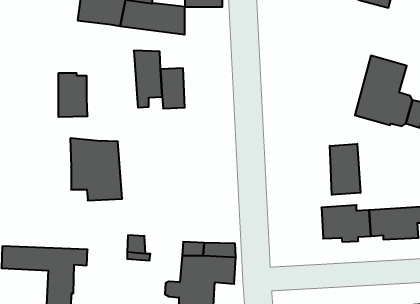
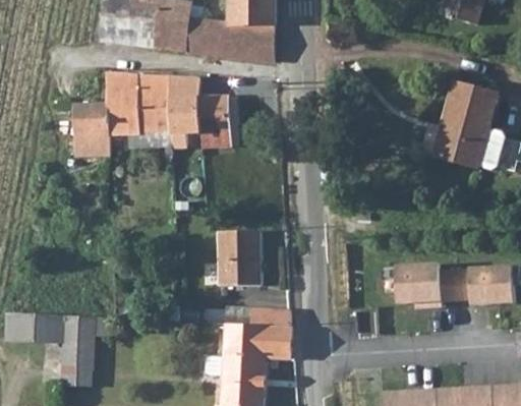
building: none -> [228,23,274,61]
building: [70,138,122,200] -> [108,72,171,148]
building: [330,144,360,195] -> none
building: none -> [219,231,259,286]

